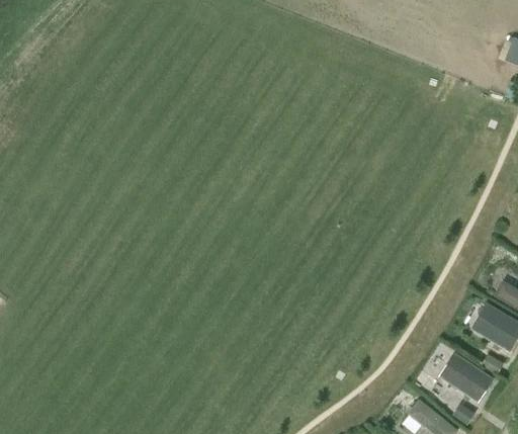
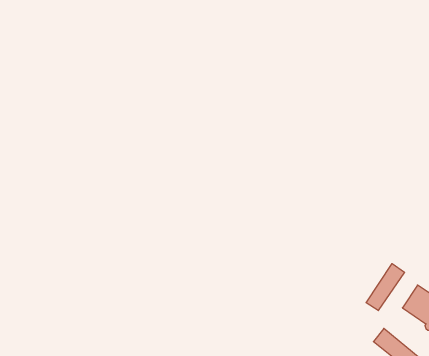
building: none -> [366,264,405,311]

